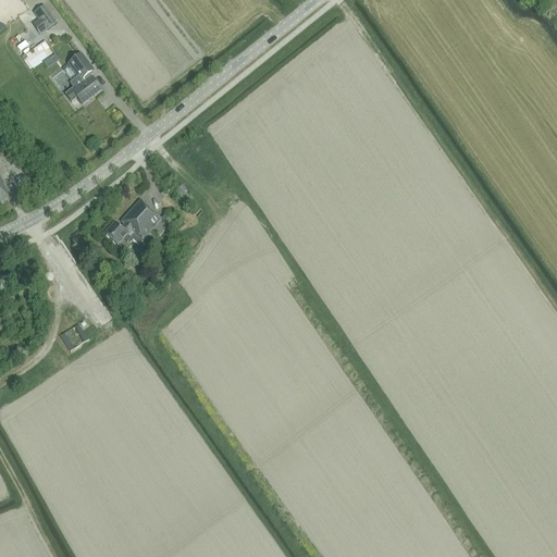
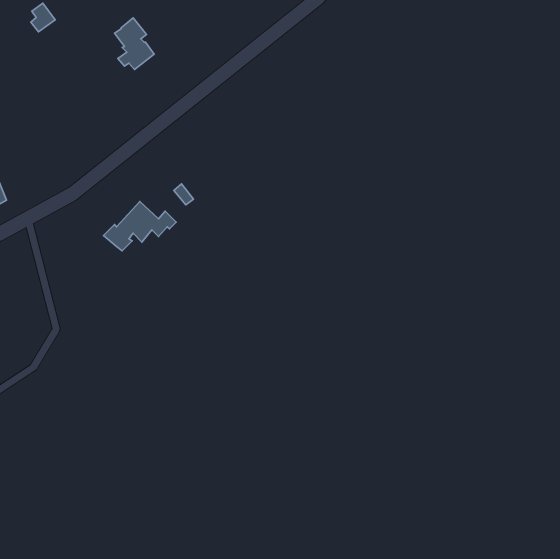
building: [60,52,99,103] -> [115,18,154,70]

